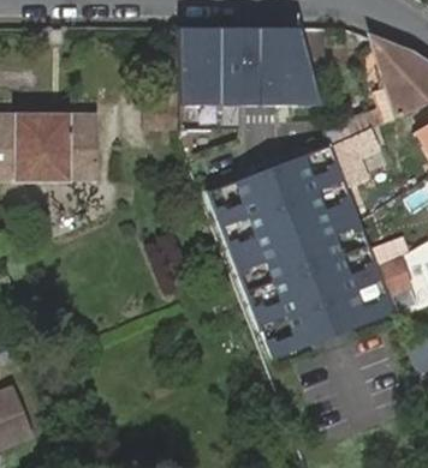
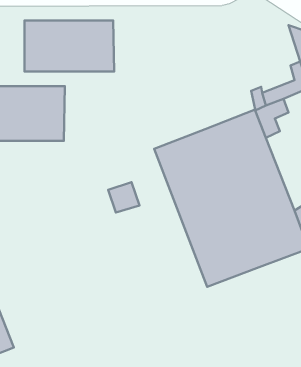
building: [186,23,329,125] -> none
building: none -> [25,20,114,72]

